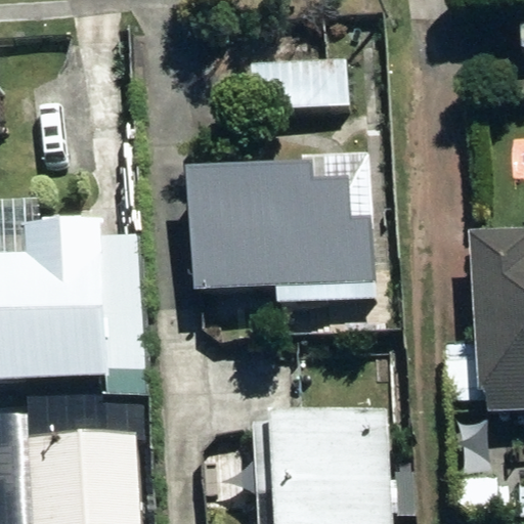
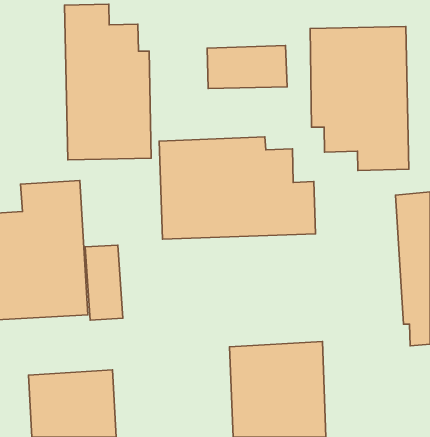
building: none -> [65,4,151,160]
building: none -> [310,27,409,170]

